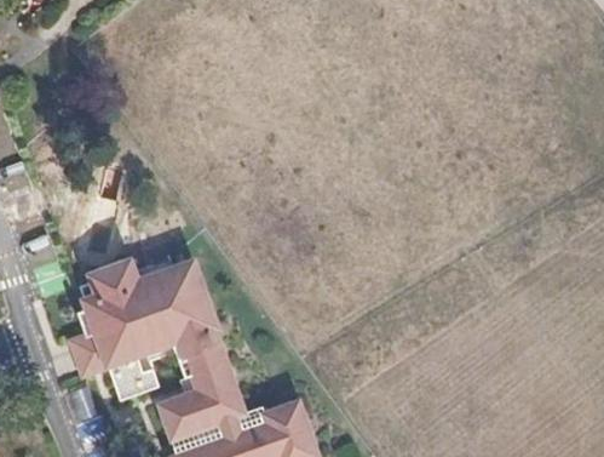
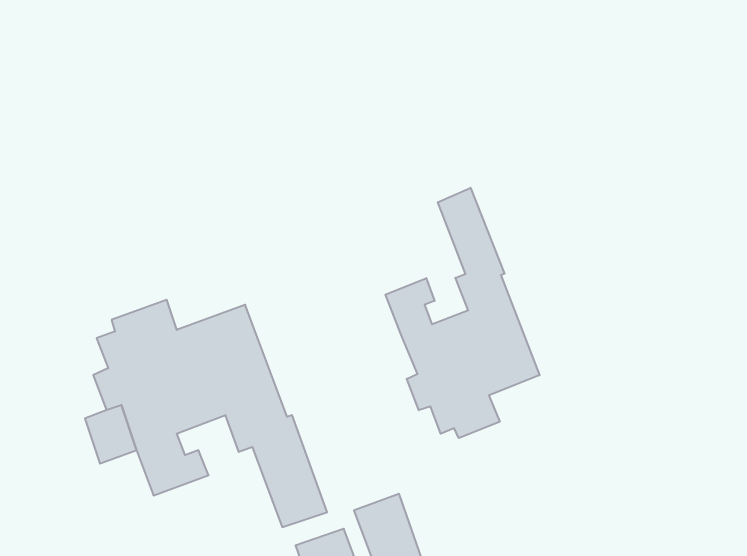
building: none -> [385,188,540,438]
building: [160,390,206,438] -> none

